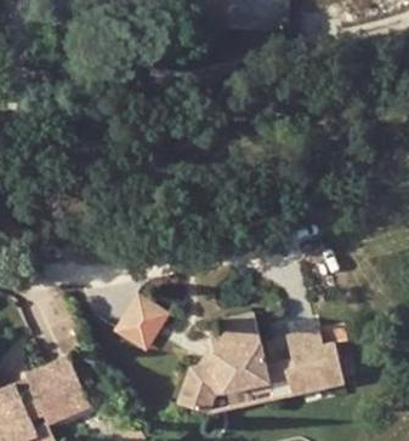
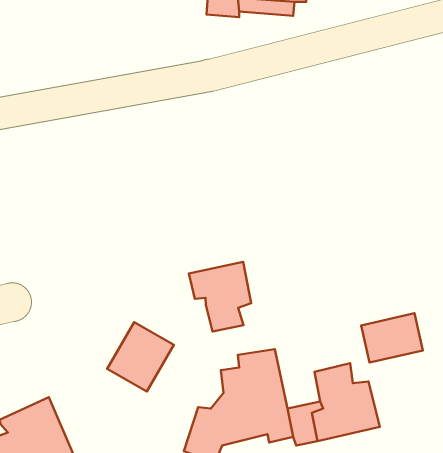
building: none -> [189,262,251,331]
building: none -> [361,313,423,363]

